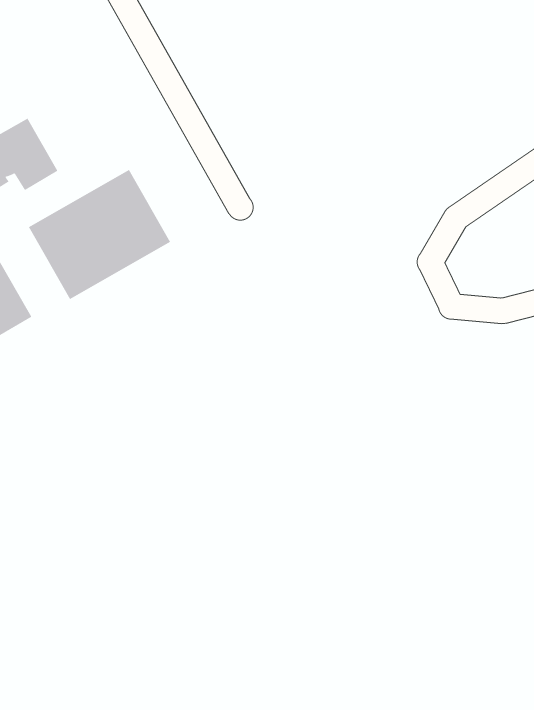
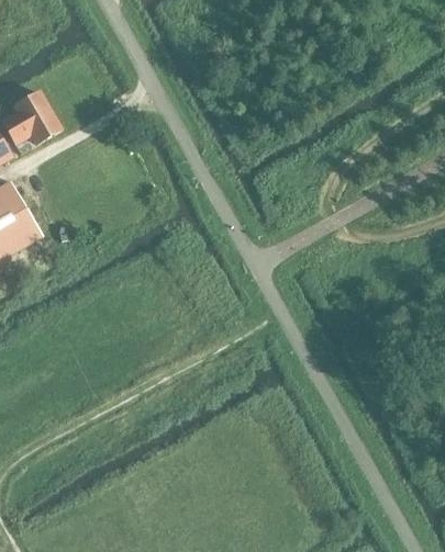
building: [28,169,171,300] -> none

